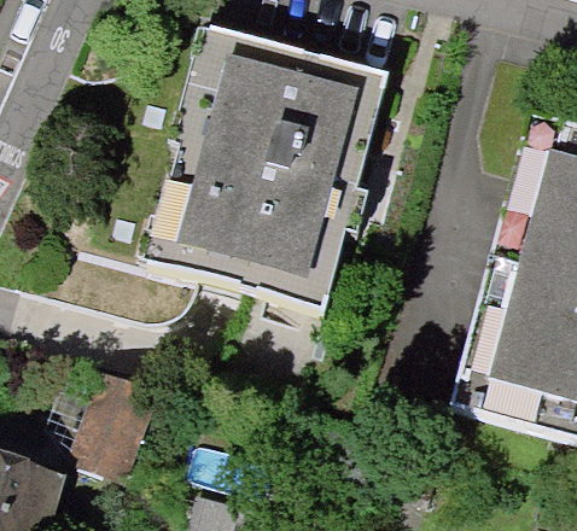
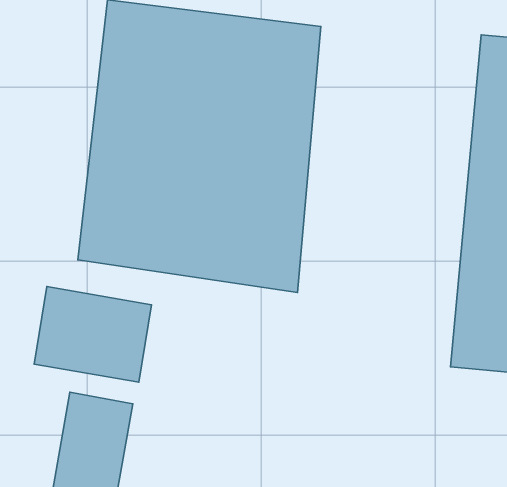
building: none -> [34,287,151,382]

